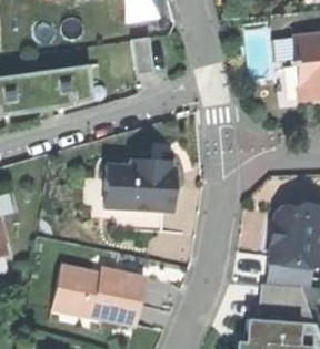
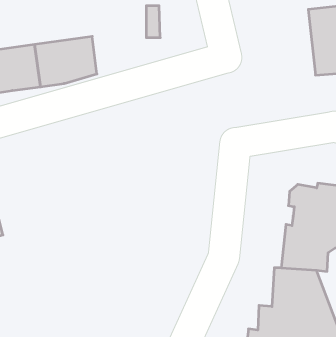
building: [101,157,172,230] -> none
building: [51,265,143,325] -> none

